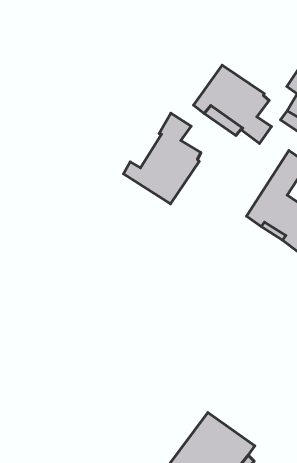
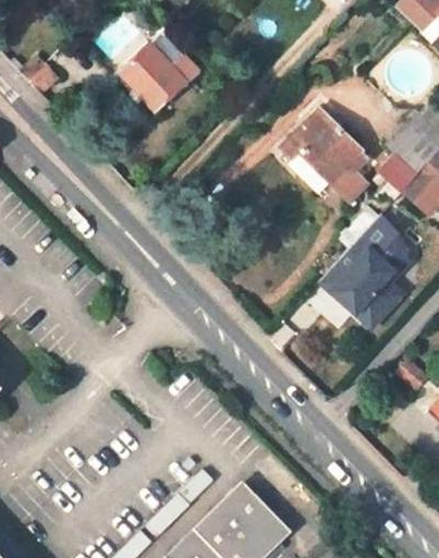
building: none -> [122,34,197,108]
building: [124,113,201,204] -> none

